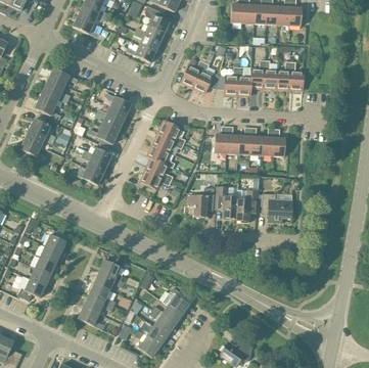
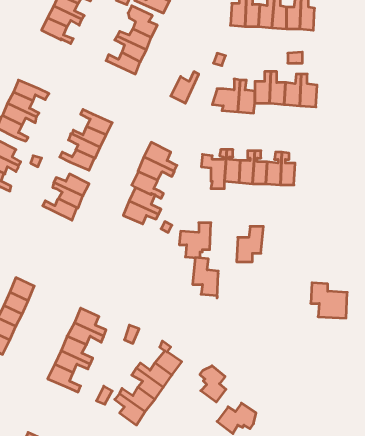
building: [192,62,219,92] -> none
building: [215,186,236,220] -> [193,258,218,298]
building: [261,192,291,222] -> [311,283,347,318]
building: none -> [200,366,226,402]

